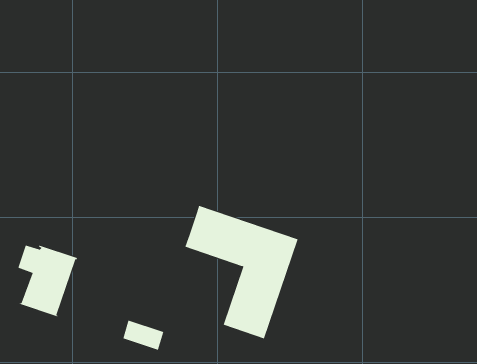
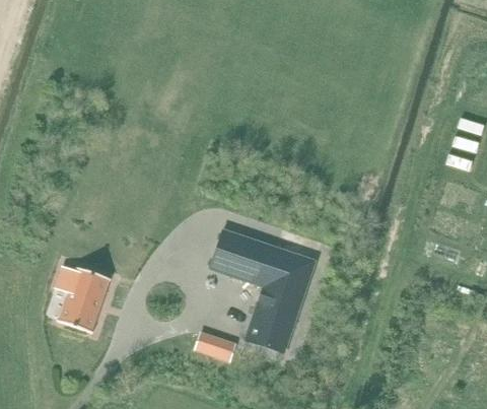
building: [122,320,164,350] -> [196,332,234,360]

